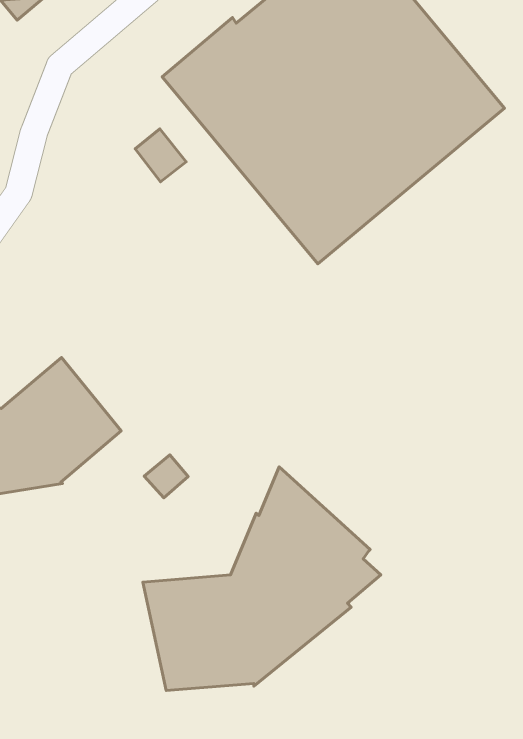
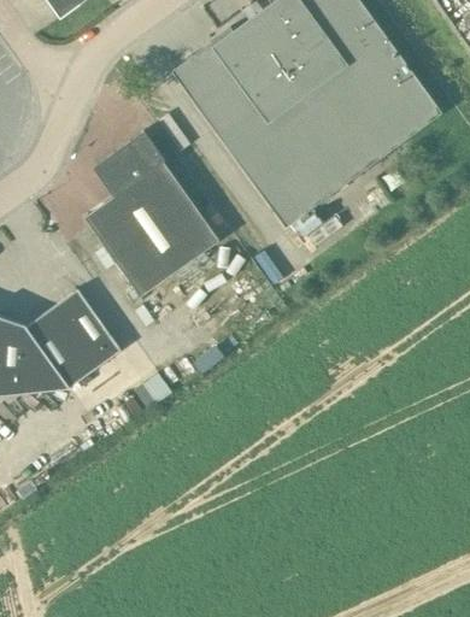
building: none -> [84,131,219,296]
building: [143,467,381,691] -> none

